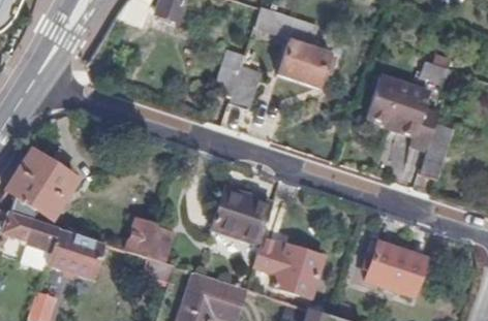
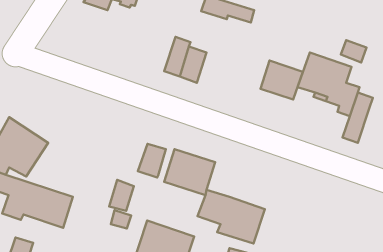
building: [279,39,329,85] -> [260,60,303,99]
building: [123,217,156,256] -> [138,144,166,177]
building: [366,242,426,294] -> none

